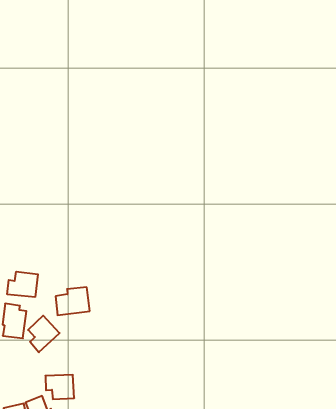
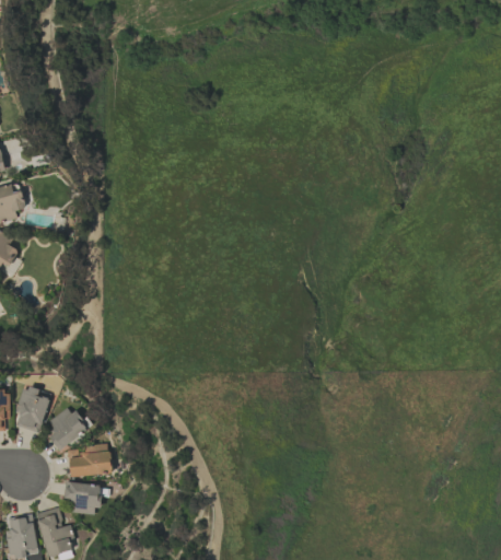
building: [7,272,38,297] -> none
building: [56,287,90,315] -> [69,444,110,476]

